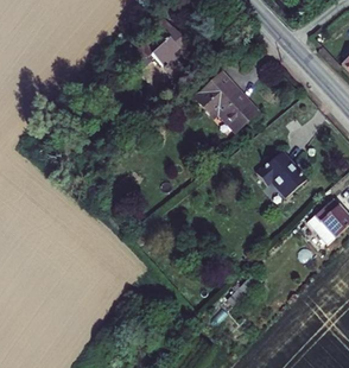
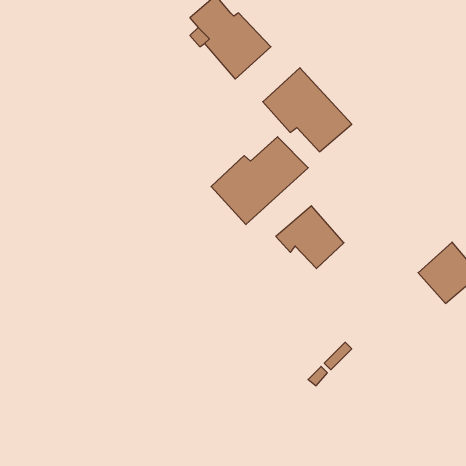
building: none -> [211,137,308,225]
building: [256,151,306,197] -> [276,206,344,269]

